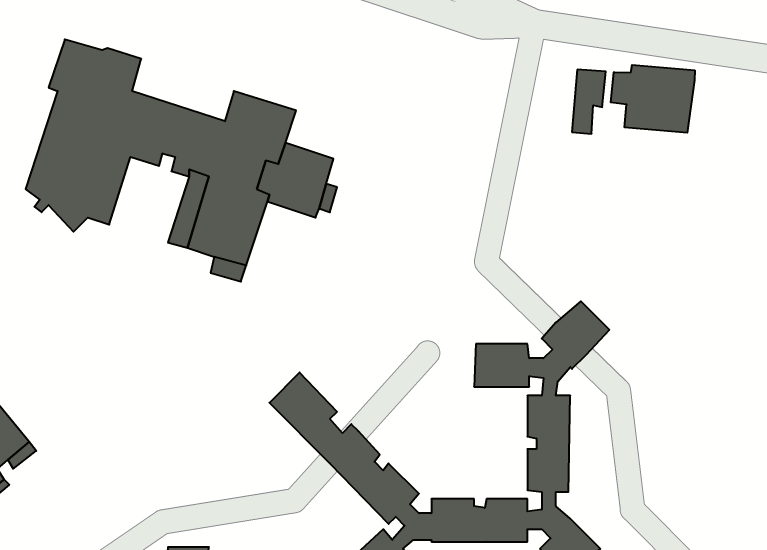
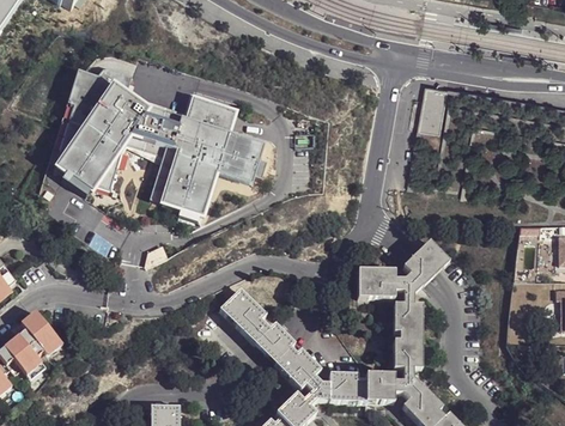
building: [611,65,695,133] -> none

